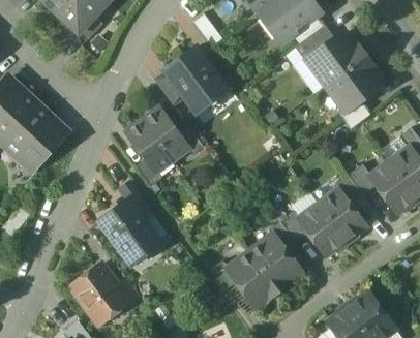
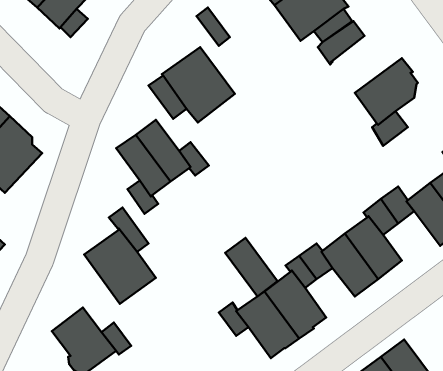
building: [306,37,365,86] -> none
building: none -> [225,238,277,296]

